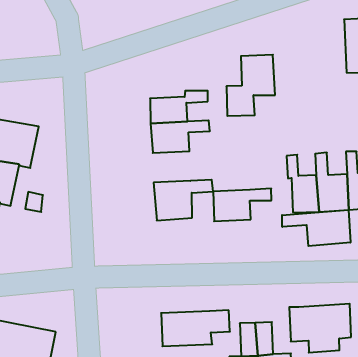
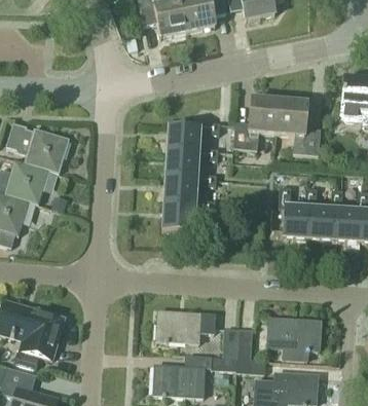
building: none -> [277,100,321,155]
building: [213,189,271,221] -> [163,173,216,200]
building: [282,210,350,246] -> none

